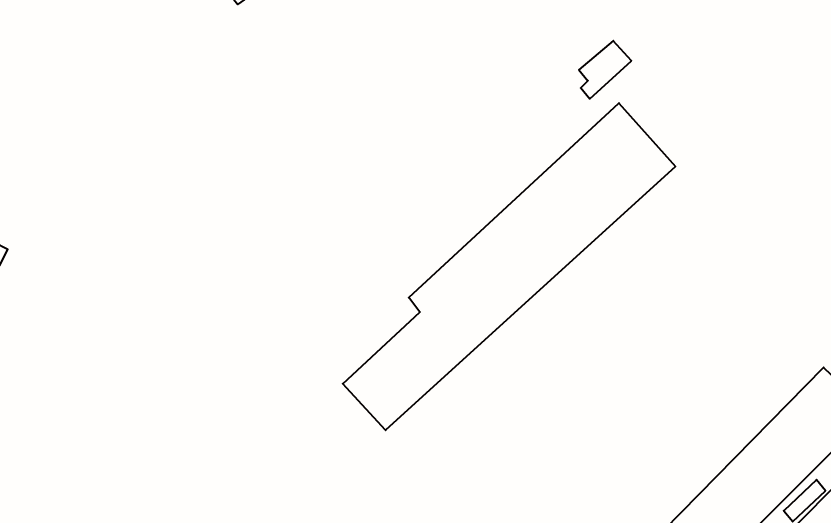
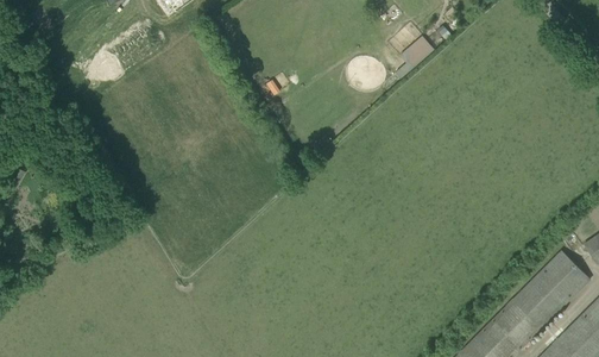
building: [343,103,675,430] -> none

